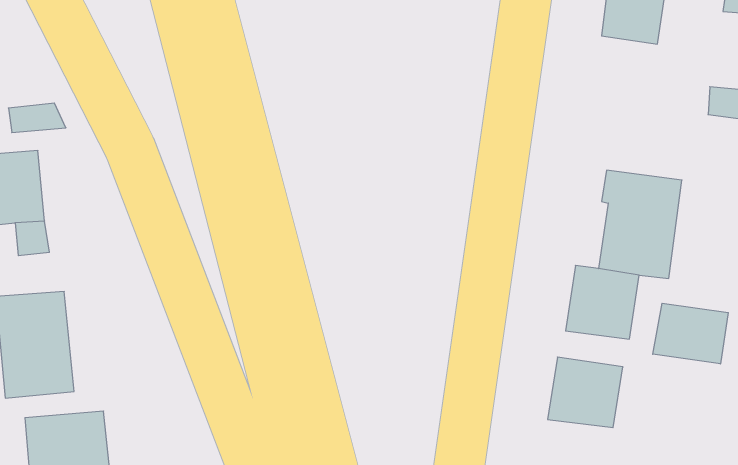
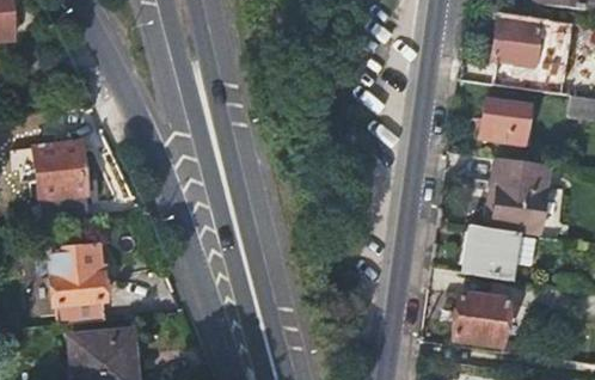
building: none -> [480,100,529,141]
building: [653,303,728,364] -> none

